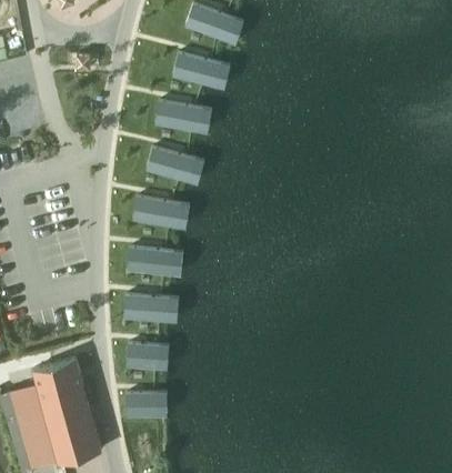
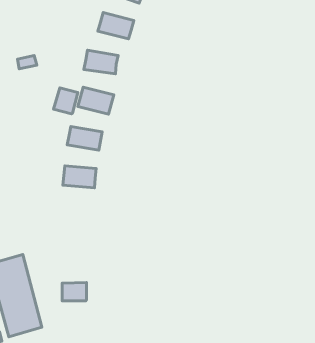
building: none -> [54,88,78,114]
building: [123,296,164,324] -> none
building: [128,345,160,370] -> none

